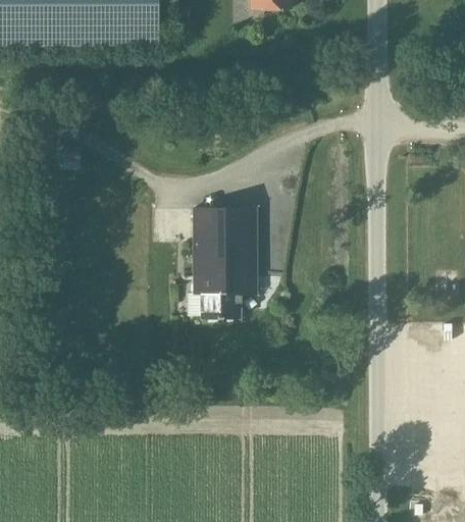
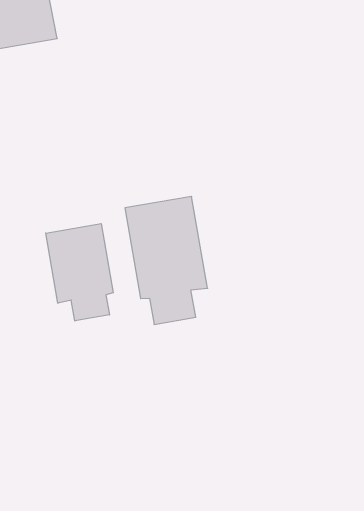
building: none -> [46,224,113,321]

